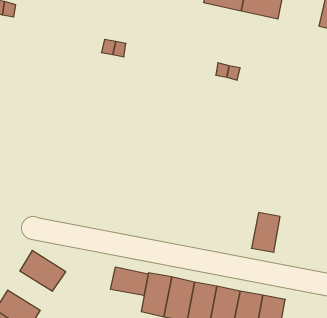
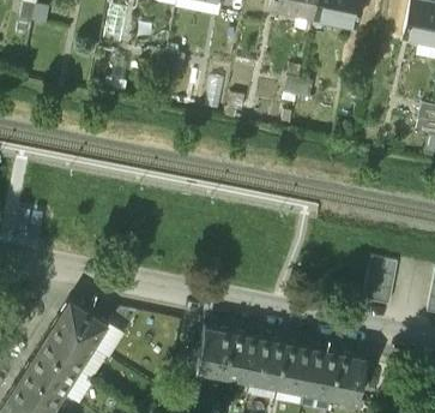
building: [251,213,280,252] -> [363,258,397,305]
building: [111,267,148,296] -> none
building: none -> [40,323,92,370]

